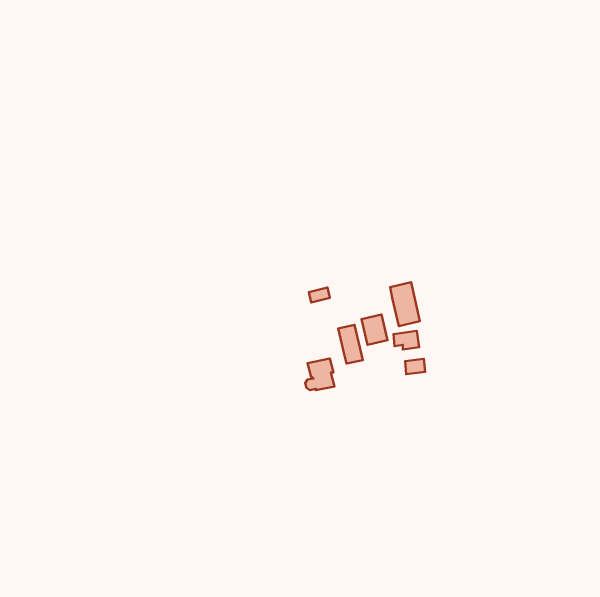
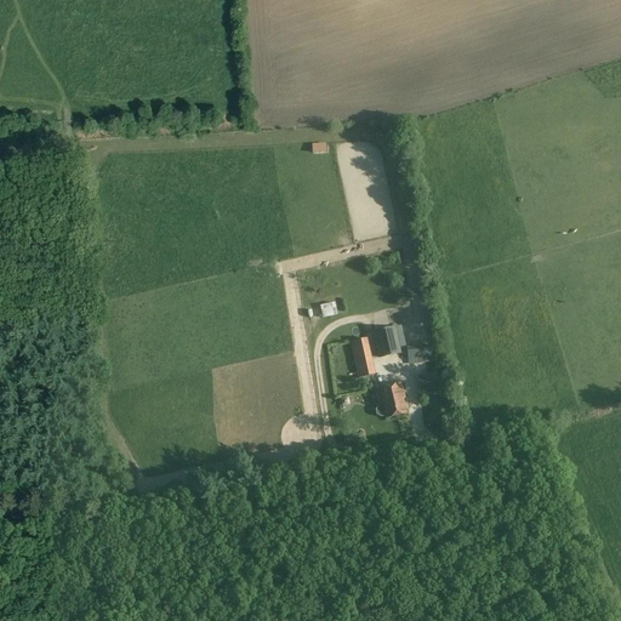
building: [390,282,420,326] -> none
building: [305,358,335,390] -> [376,382,406,415]

